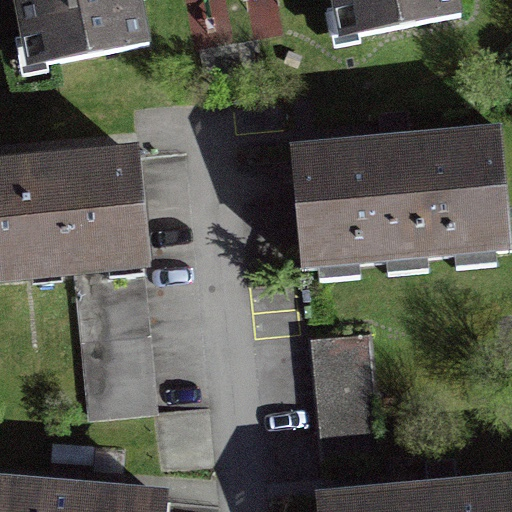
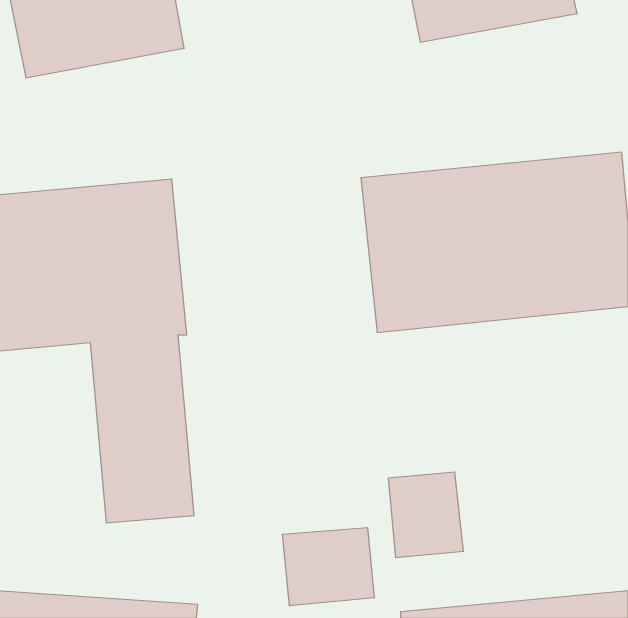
building: [308,325,368,387] -> none
building: none -> [282,528,374,606]

